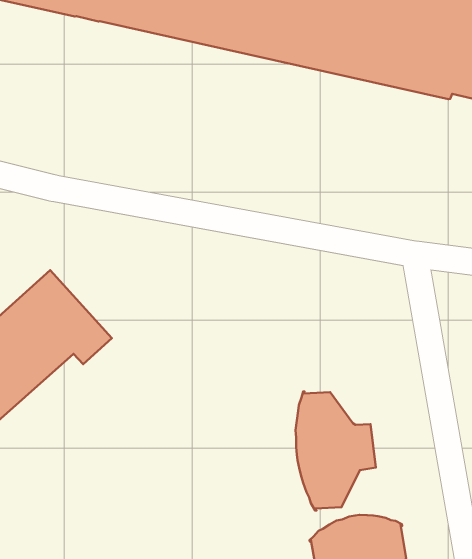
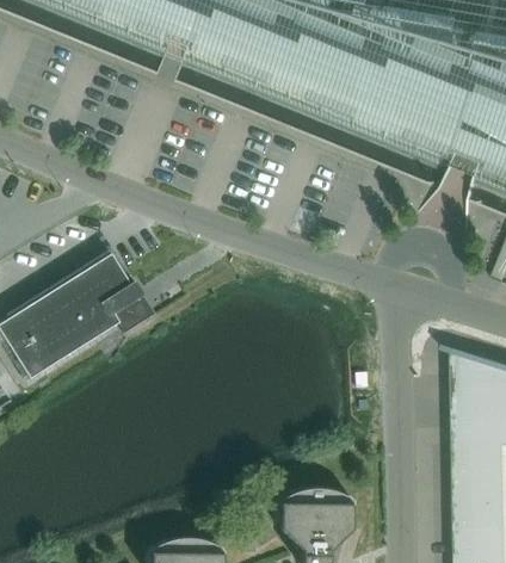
building: [296,392,376,511] -> none

